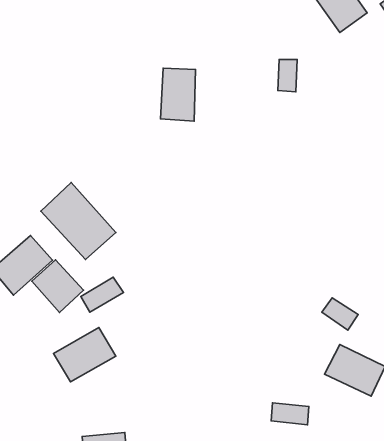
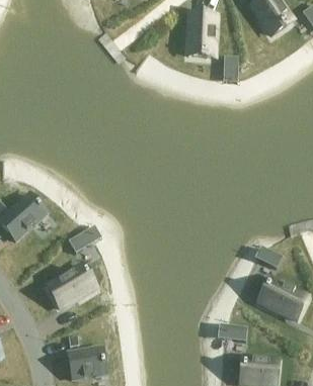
building: [160,68,195,121] -> [187,15,215,57]
building: [41,183,116,260] -> none
building: [32,260,83,312] -> none

